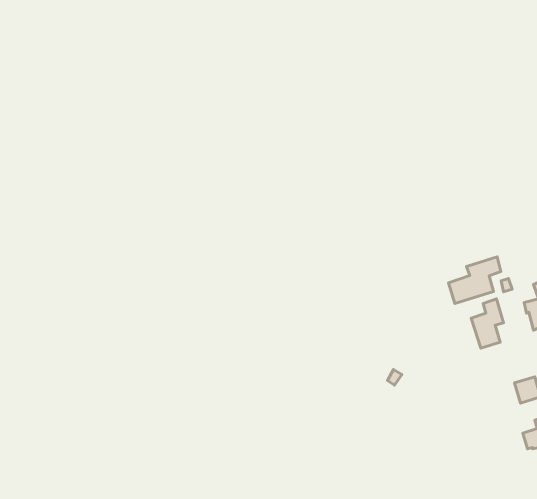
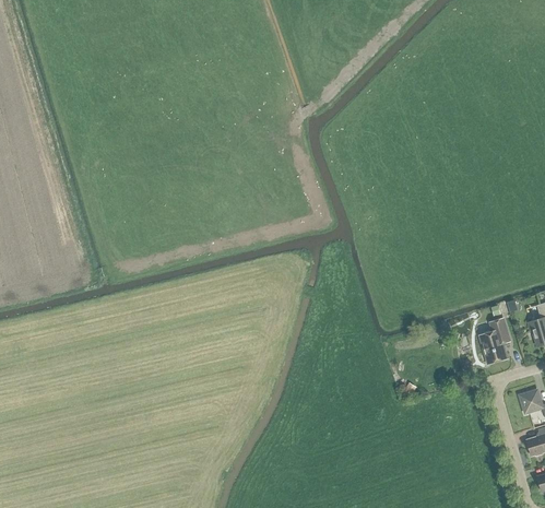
building: [448,257,501,303] -> none

